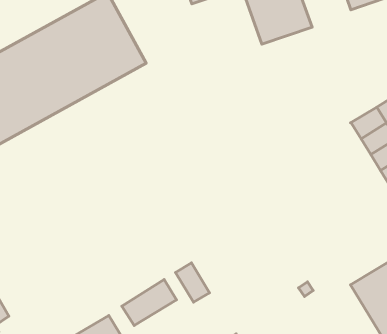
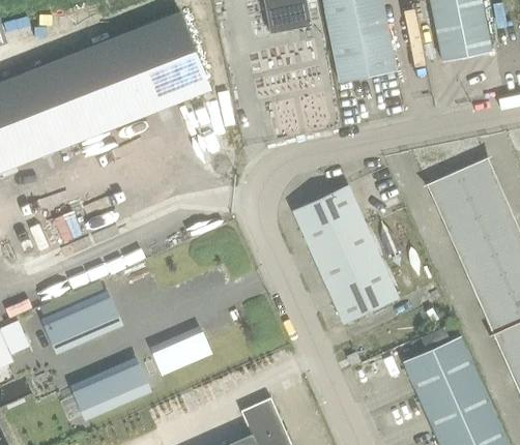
building: none -> [293,185,399,324]
building: none -> [40,283,120,352]
building: [176,263,209,302] -> none

